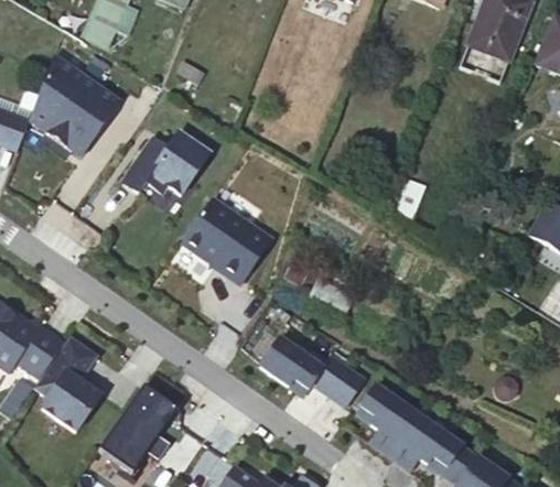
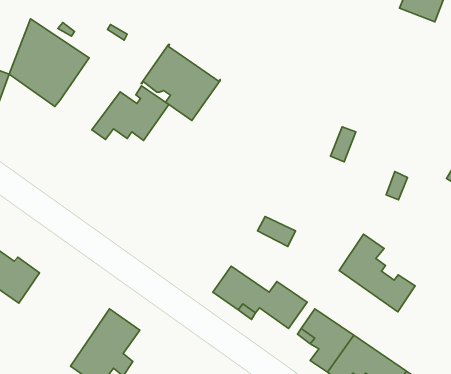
building: [182,198,271,284] -> [141,45,220,121]
building: none -> [339,234,415,312]
building: [33,335,100,431] -> none

